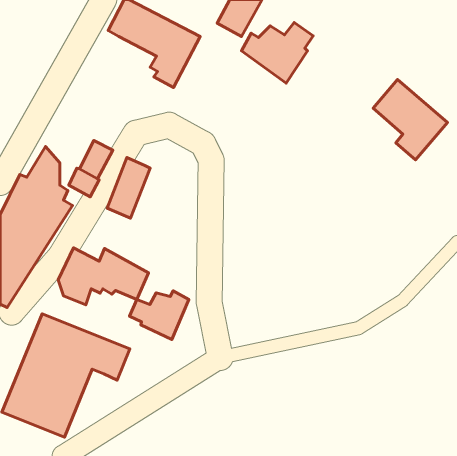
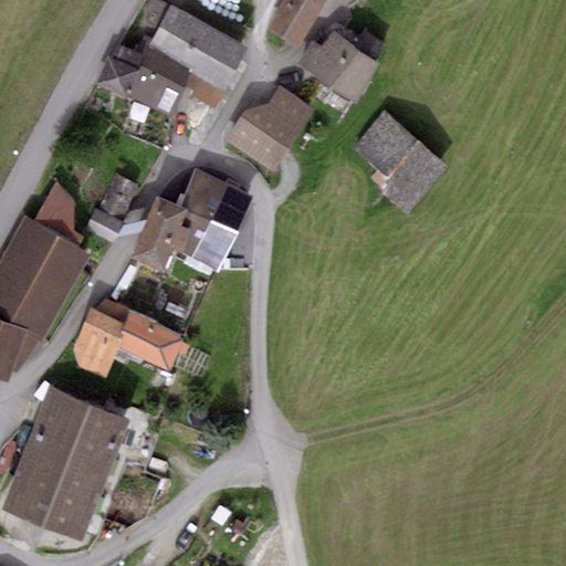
building: none -> [95,43,193,117]
building: none -> [228,85,313,170]
building: [373,80,448,160] -> [354,113,446,212]
building: none -> [170,169,252,271]
building: [130,291,189,339] -> none

